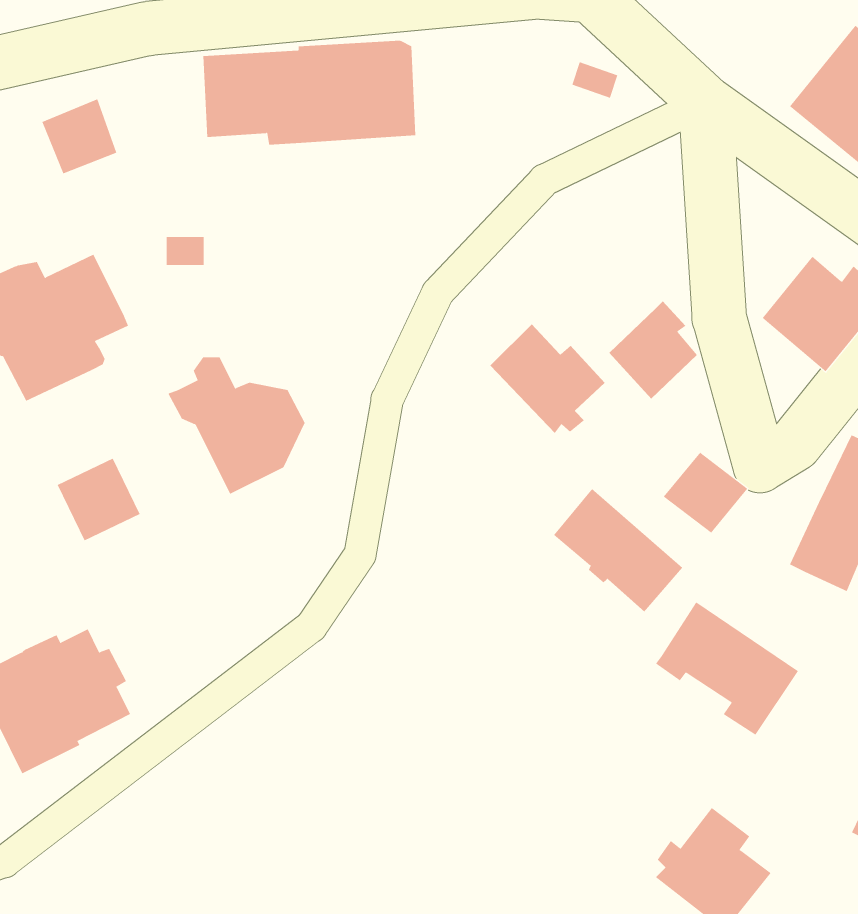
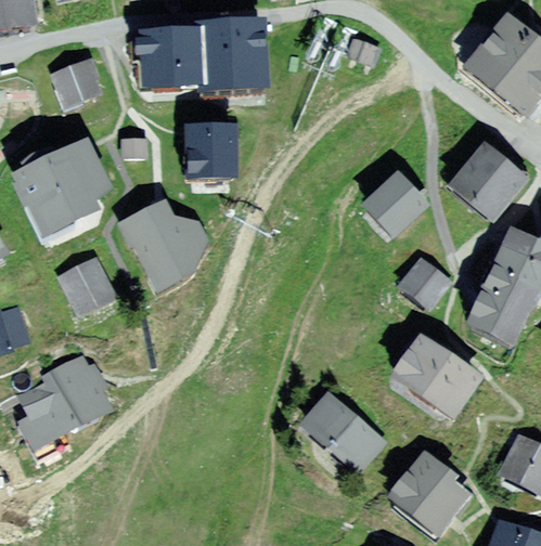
building: none -> [191,125,237,182]
building: [489,323,606,434] -> none
building: [553,488,683,612] -> [307,398,379,467]

